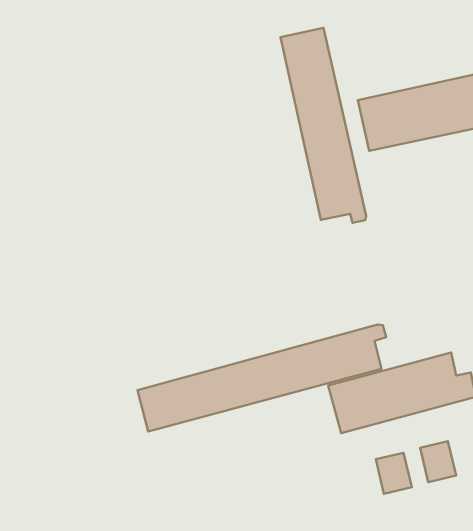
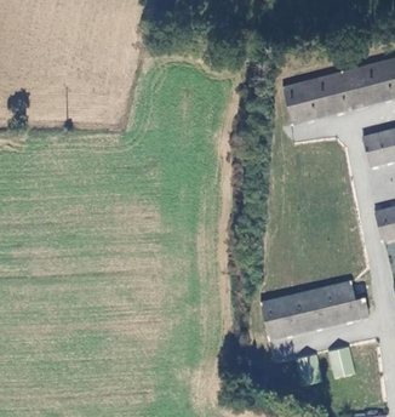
building: [281,28,366,223] -> none
building: [137,324,386,432] -> none

